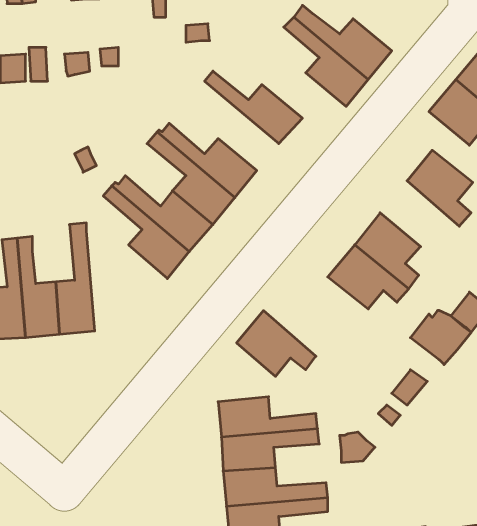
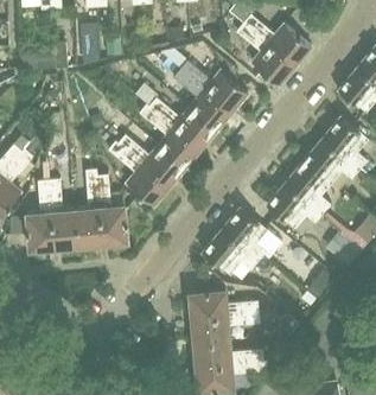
building: none -> [172,68,231,130]
building: none -> [302,138,358,184]
building: none -> [96,172,127,243]
building: none -> [221,208,267,261]

